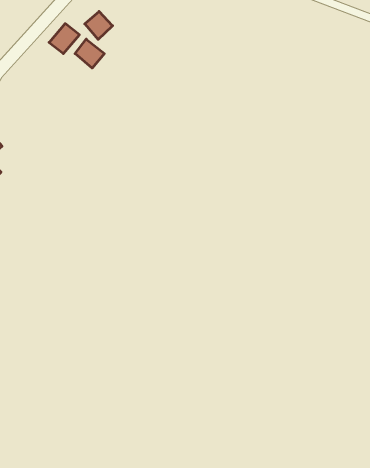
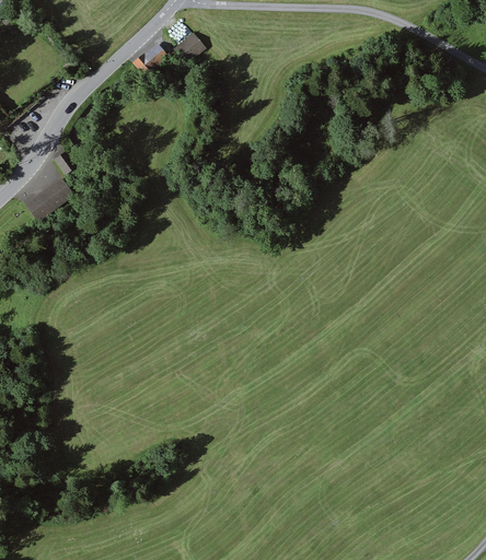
building: [75,39,104,68] -> none

